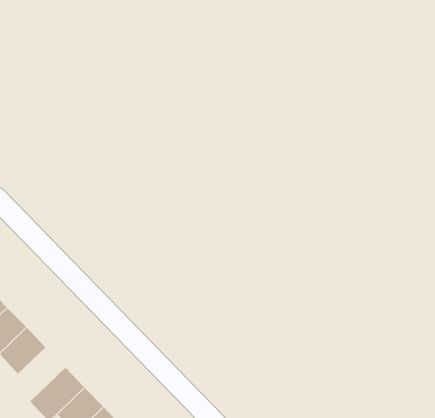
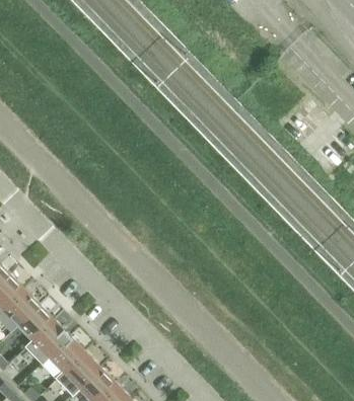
building: none -> [18,306,56,348]

